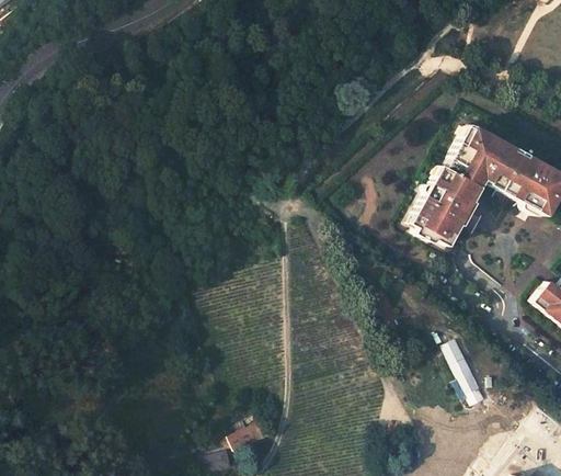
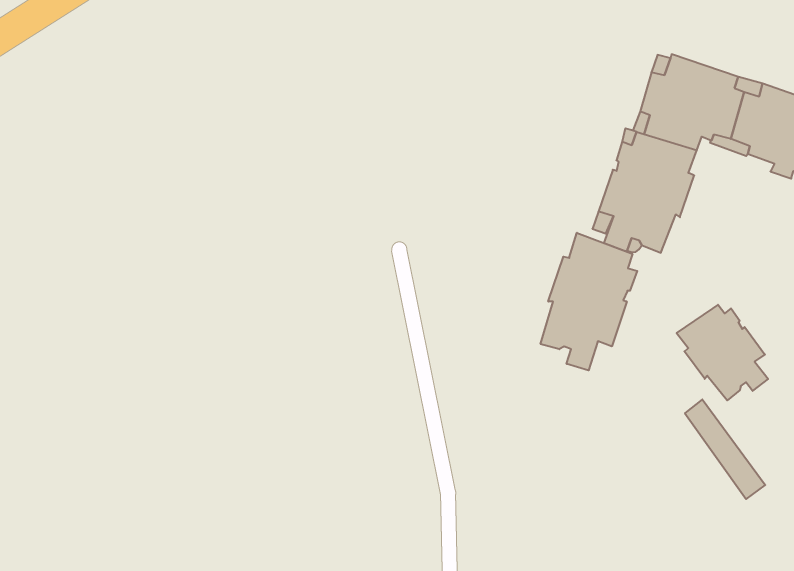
building: none -> [541,233,637,370]
building: none -> [677,305,768,400]

